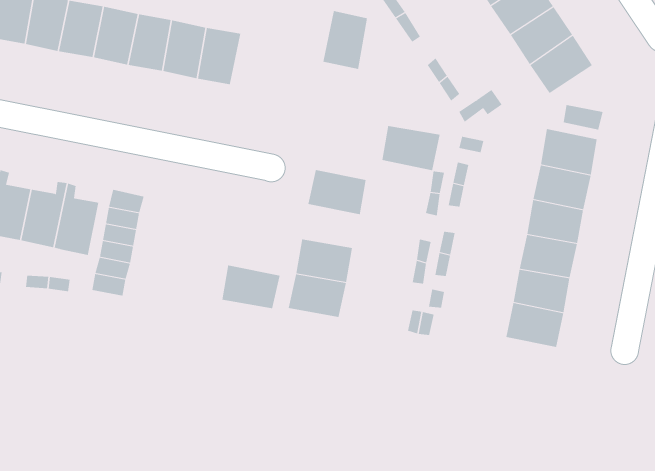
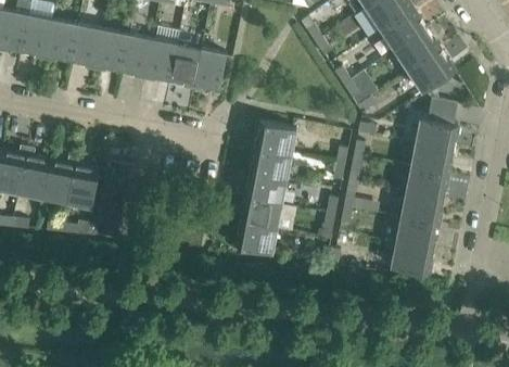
building: [323,10,368,69] -> [193,49,226,91]
building: [382,126,440,171] -> [254,122,296,154]
building: [222,265,281,309] -> [244,172,287,203]

